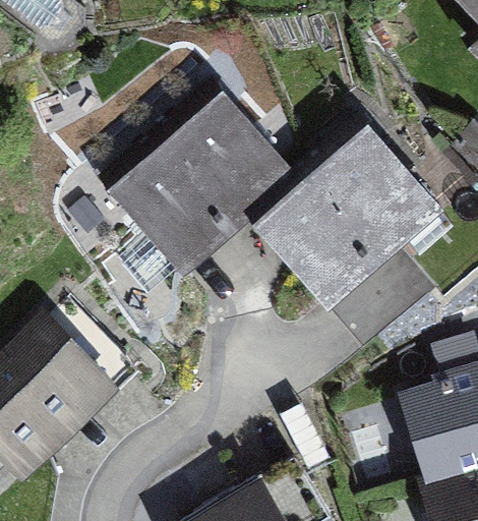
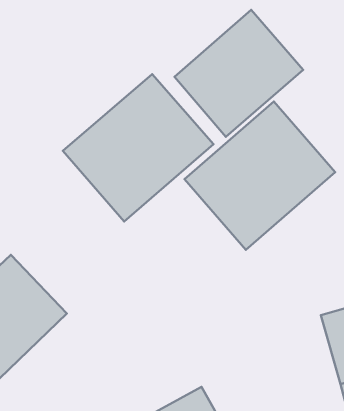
building: none -> [175,10,303,137]

